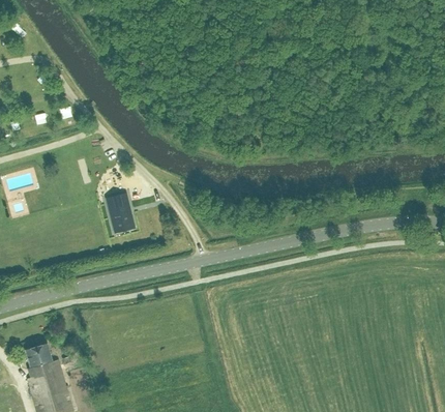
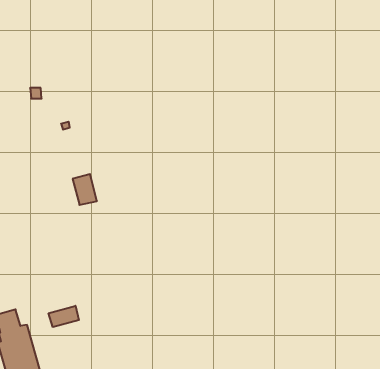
building: none -> [49,306,79,327]

